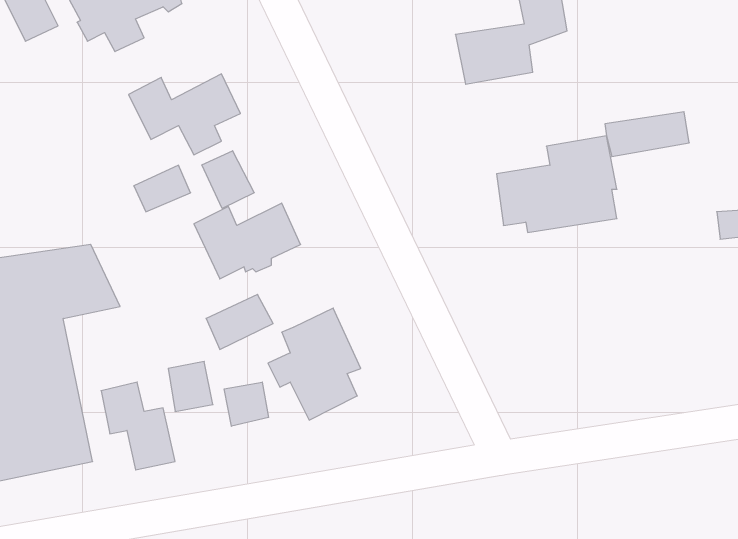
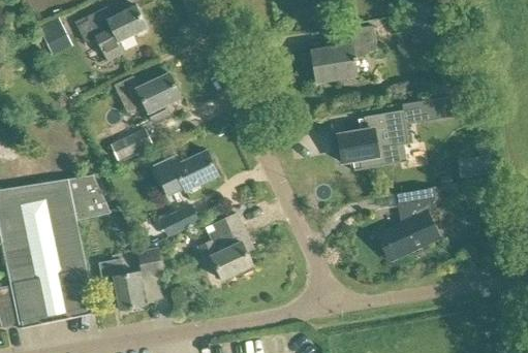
building: [202,151,254,208] -> none
building: none -> [375,186,441,261]
building: [224,382,269,426] -> none

